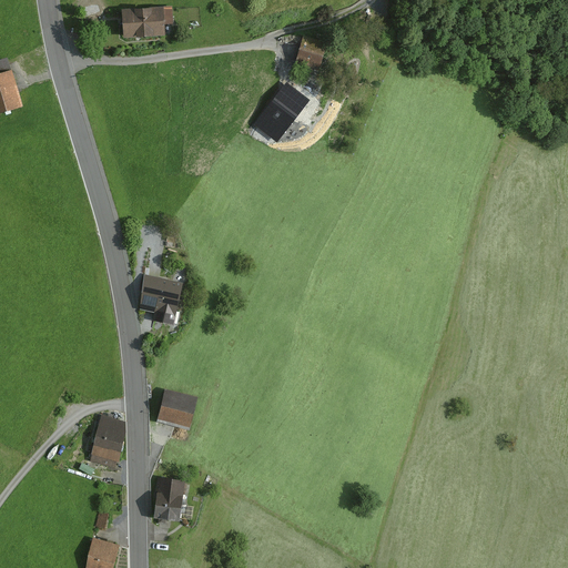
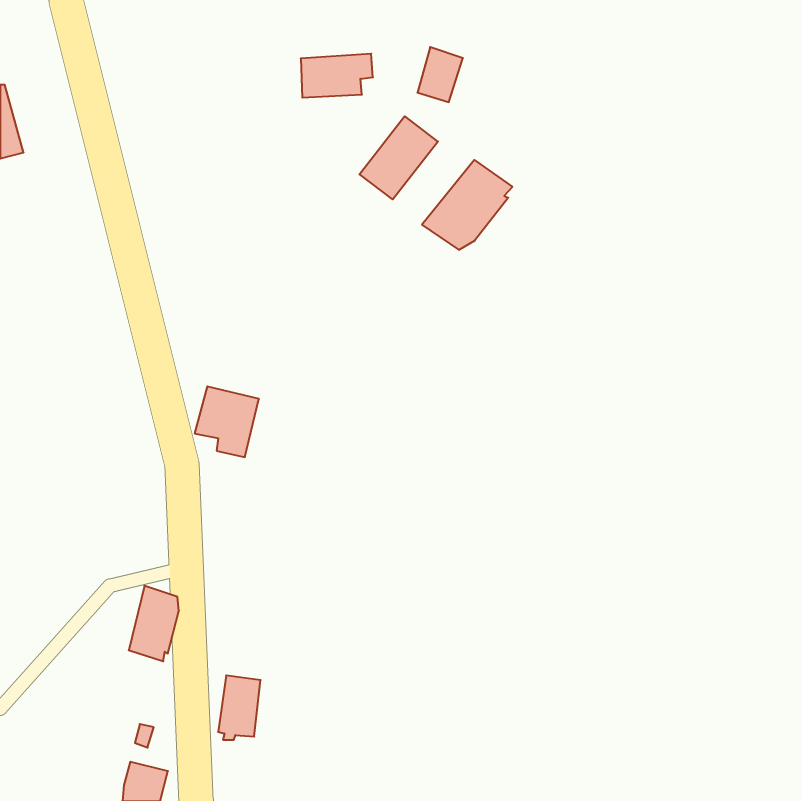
building: [122,6,173,37] -> [301,54,373,98]
building: none -> [422,160,512,250]
building: [159,389,196,427] -> none

